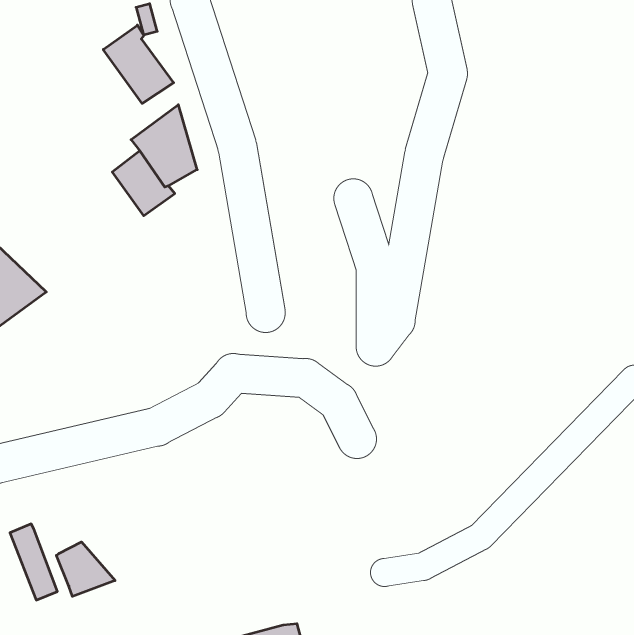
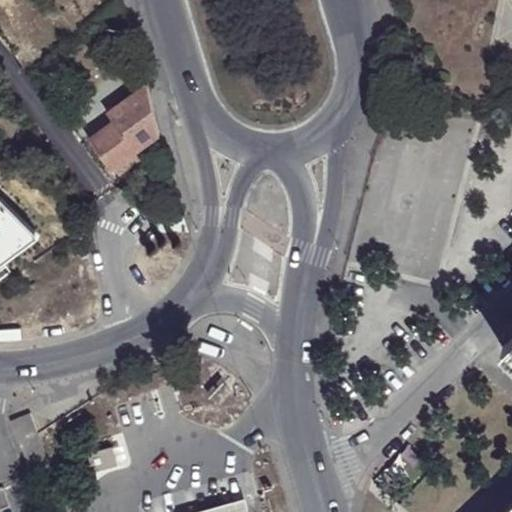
building: [103,25,174,103] -> none
building: [56,542,115,596] -> none

